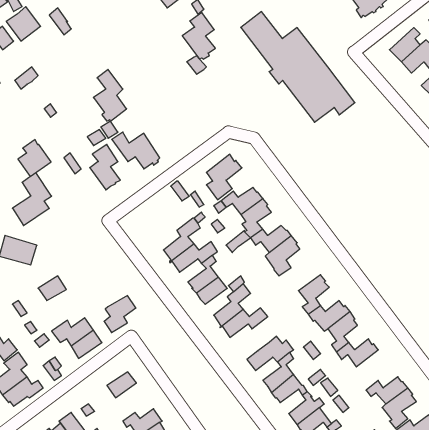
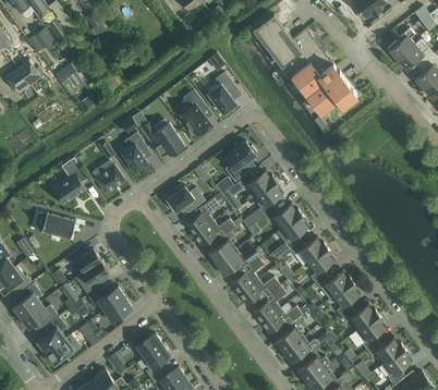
building: [182,12,215,59] -> [207,72,236,113]
building: [93,69,127,121] -> [180,89,209,135]
building: [18,140,51,177] -> [95,160,124,193]
building: none -> [166,185,204,211]
building: none -> [289,236,326,261]
building: [104,296,136,333] -> [80,260,108,293]
building: none -> [253,284,285,322]
building: none -> [354,314,385,350]
building: none -> [141,343,169,377]

